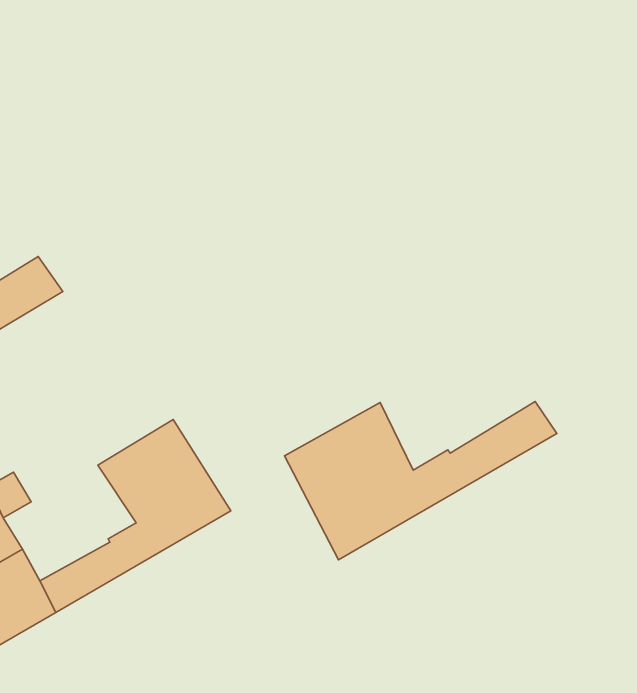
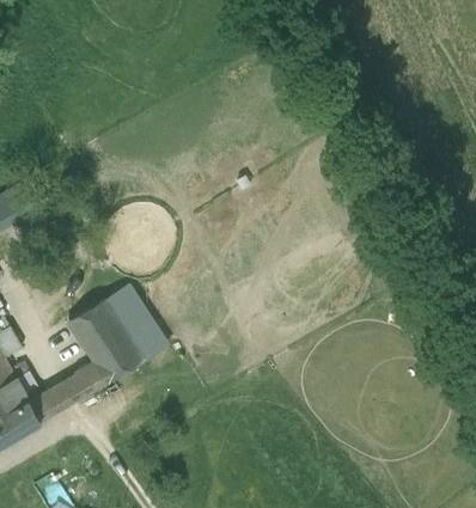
building: [284,402,557,560] -> none

